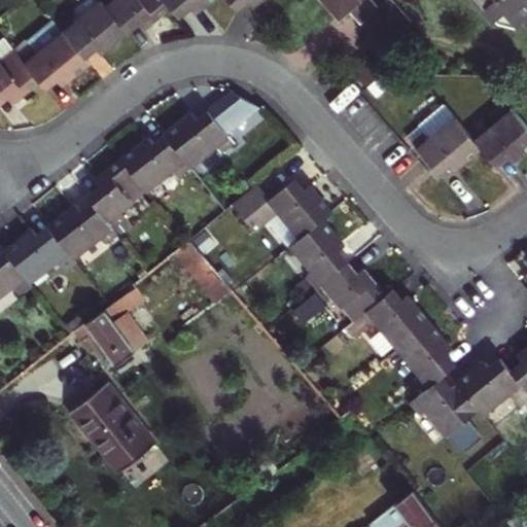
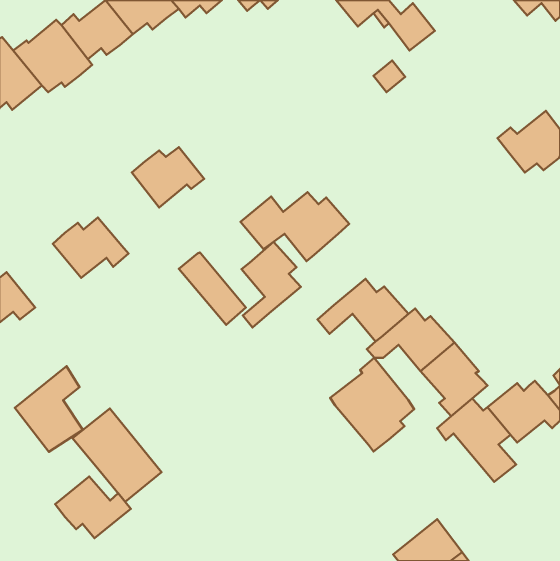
building: [168,96,258,168] -> none
building: [407,109,476,167] -> none
building: [89,162,149,231] -> none
building: [287,219,343,300] -> [242,242,301,327]
building: [6,229,76,288] -> none
building: [84,280,148,360] -> [15,366,83,452]
building: none -> [330,358,414,451]
building: none -> [55,476,131,538]

